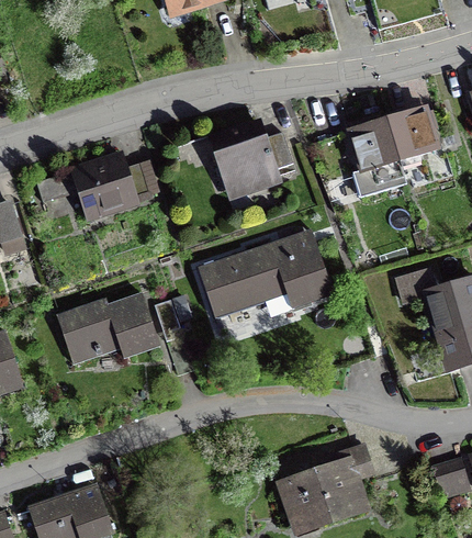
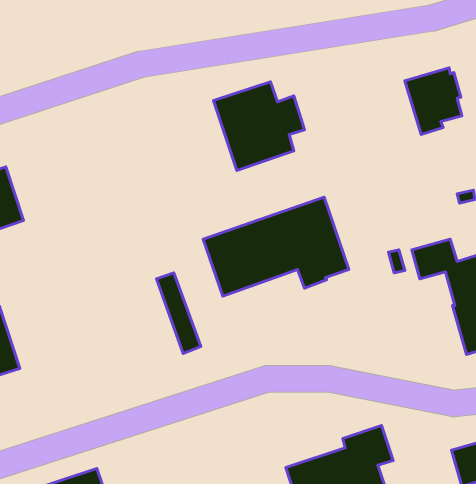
building: [325,116,407,205] -> none
building: [36,149,161,222] -> none
building: [56,291,162,365] -> none

